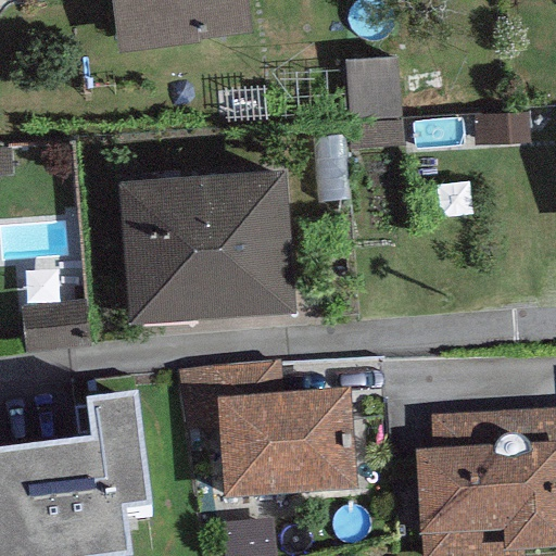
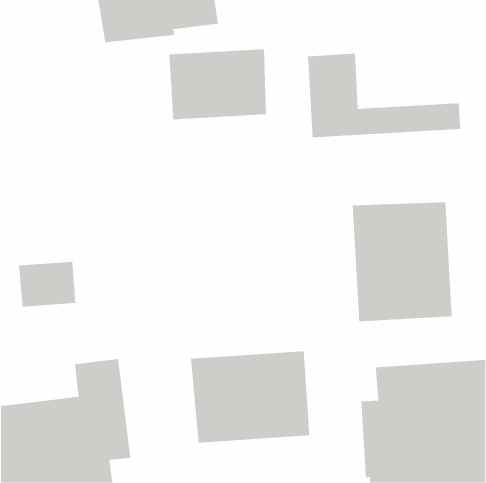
building: none -> [169,48,267,120]
building: [118,167,294,321] -> none
building: none -> [352,201,452,322]

